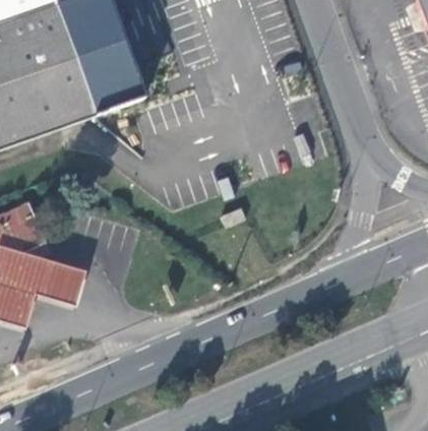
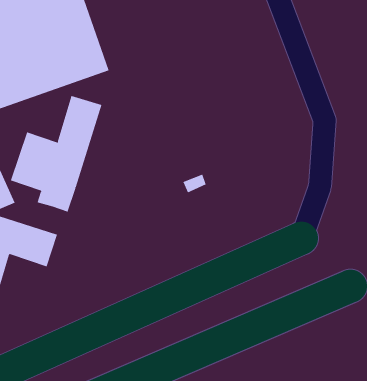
building: none -> [10,95,102,212]

